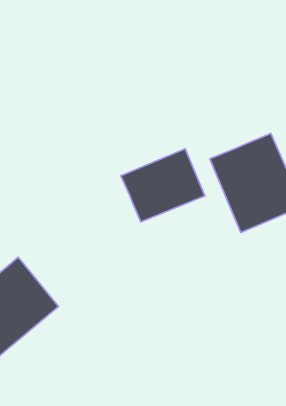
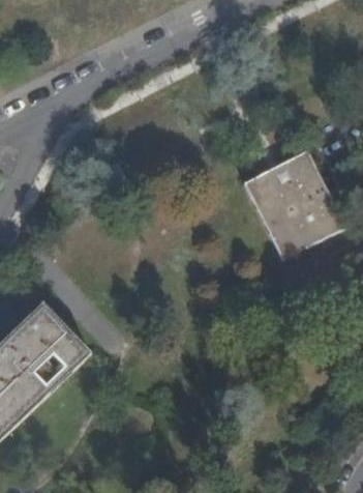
building: [121,149,205,222] -> none

